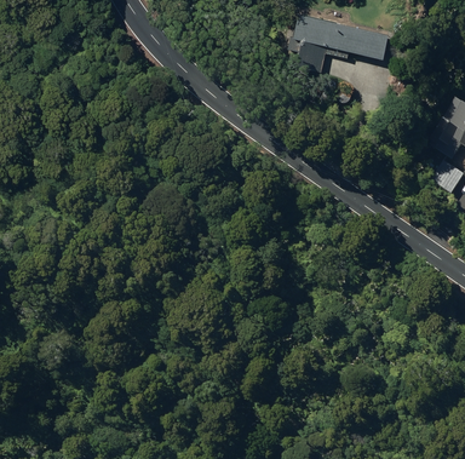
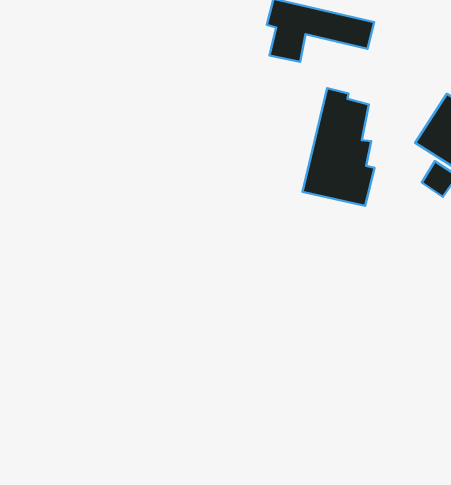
building: none -> [303,88,374,206]

